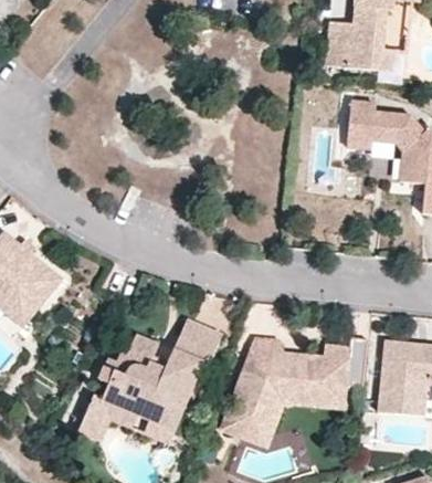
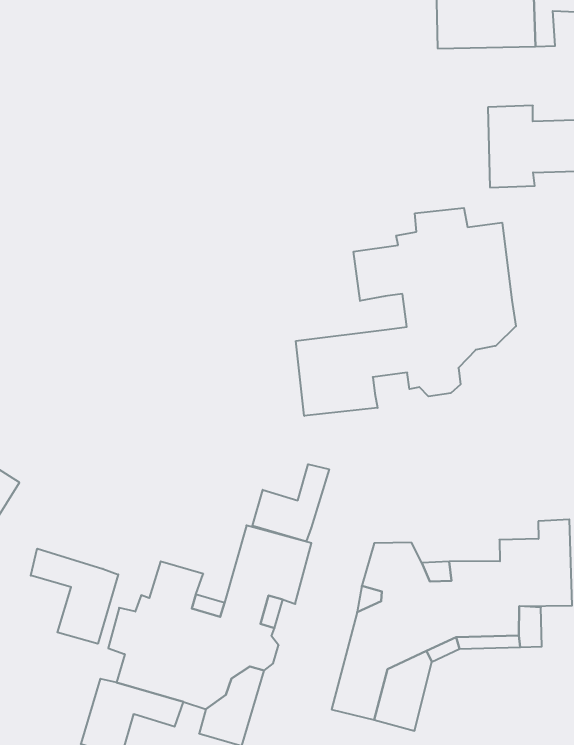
building: none -> [296,208,516,416]
building: none -> [252,464,329,542]
building: none -> [31,549,118,644]

